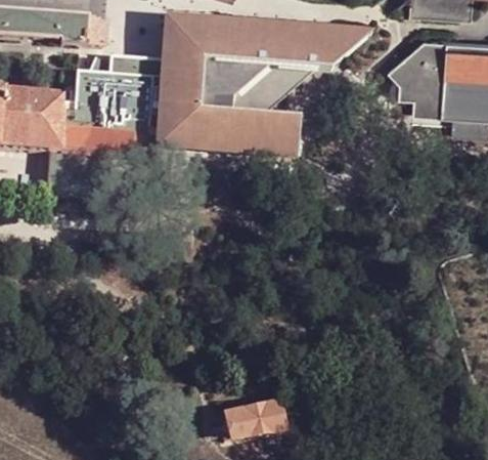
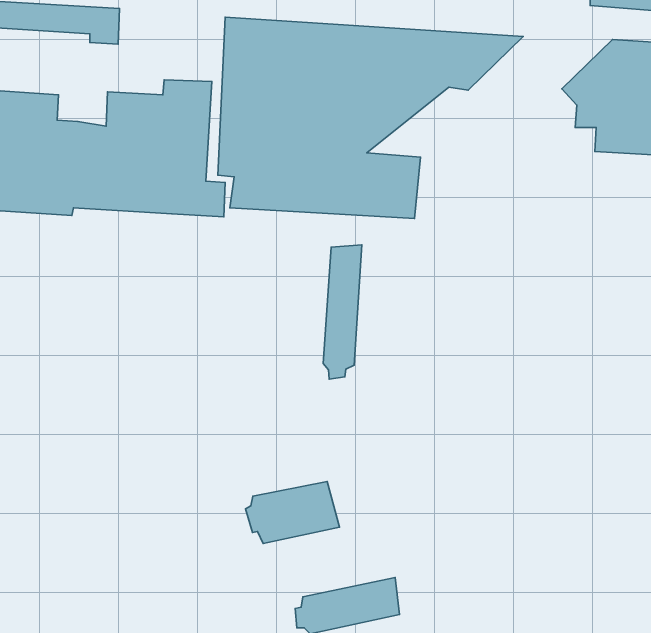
building: none -> [323,245,362,379]
building: none -> [245,481,339,543]

